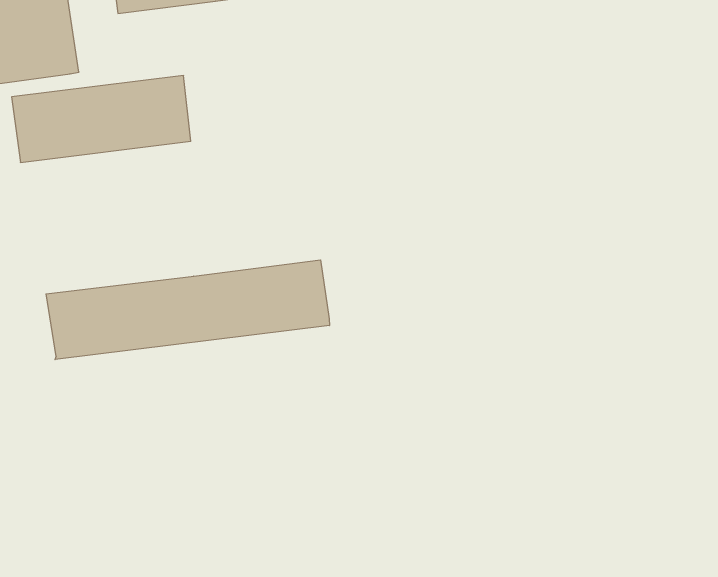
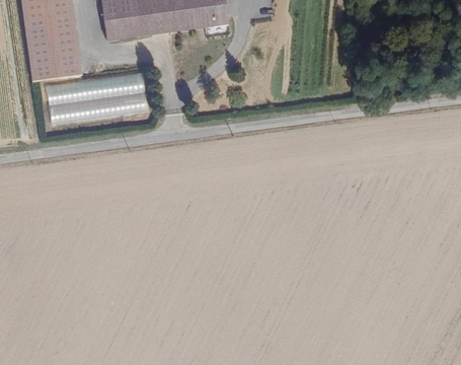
building: [46,260,329,360] -> none

